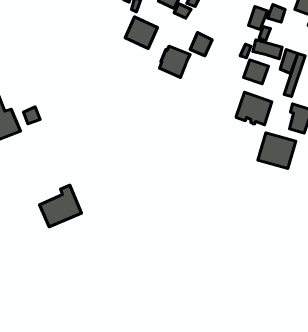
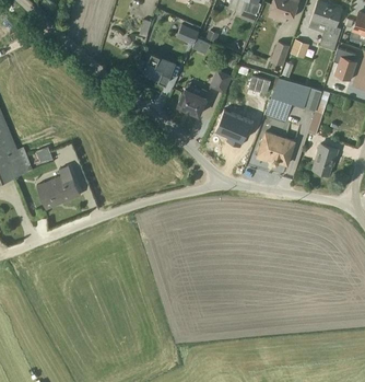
building: none -> [216,108,252,146]
building: [258,133,296,169] -> none
building: [40,185,81,227] -> [37,164,81,208]

